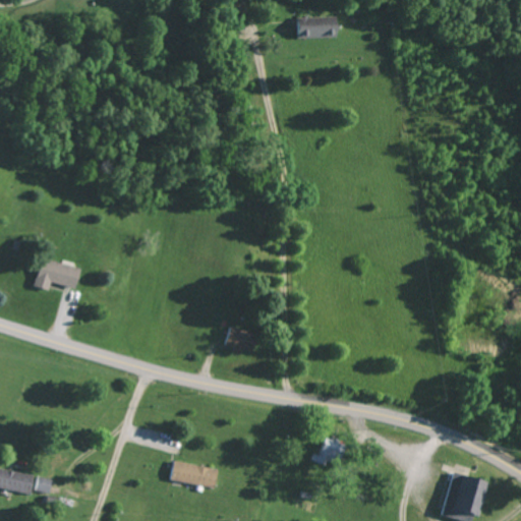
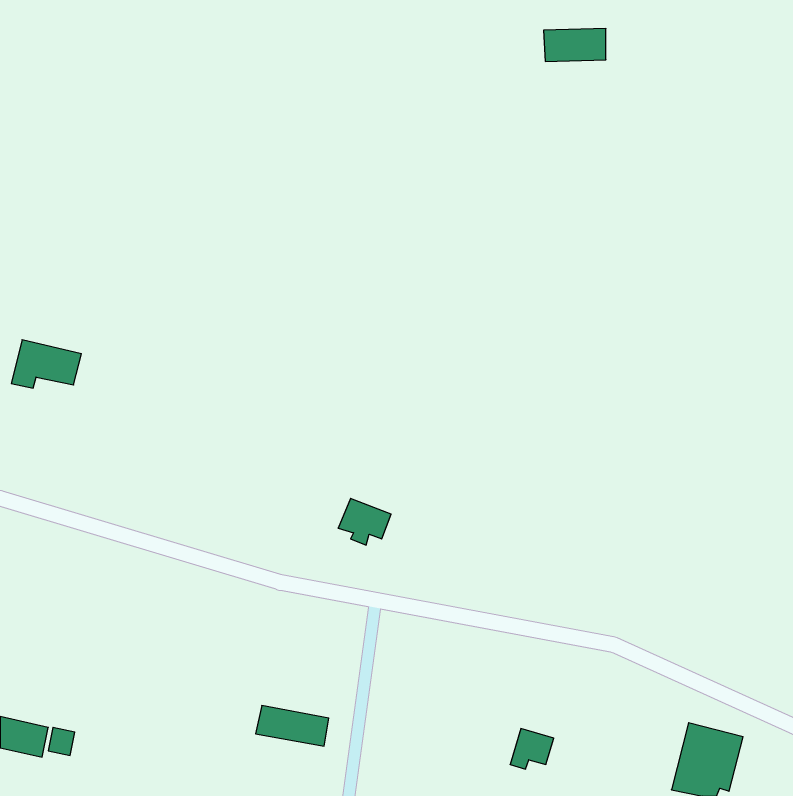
building: [296,16,337,38] -> [544,29,606,61]
building: [34,258,79,290] -> [11,340,81,388]
building: [314,438,343,464] -> [510,729,554,769]

